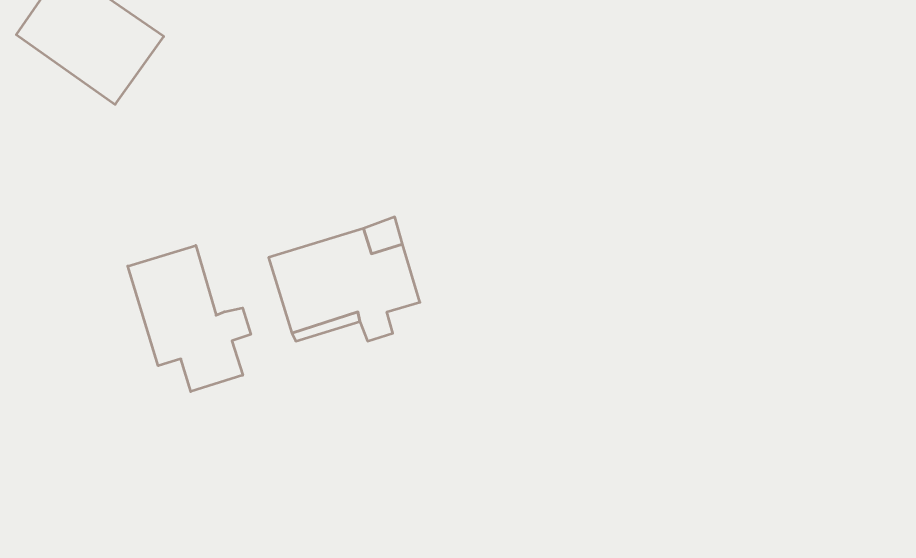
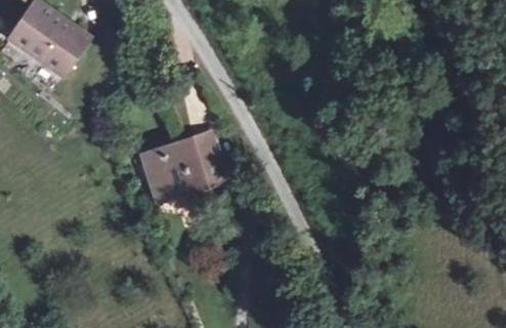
building: [128,245,251,392] -> none

